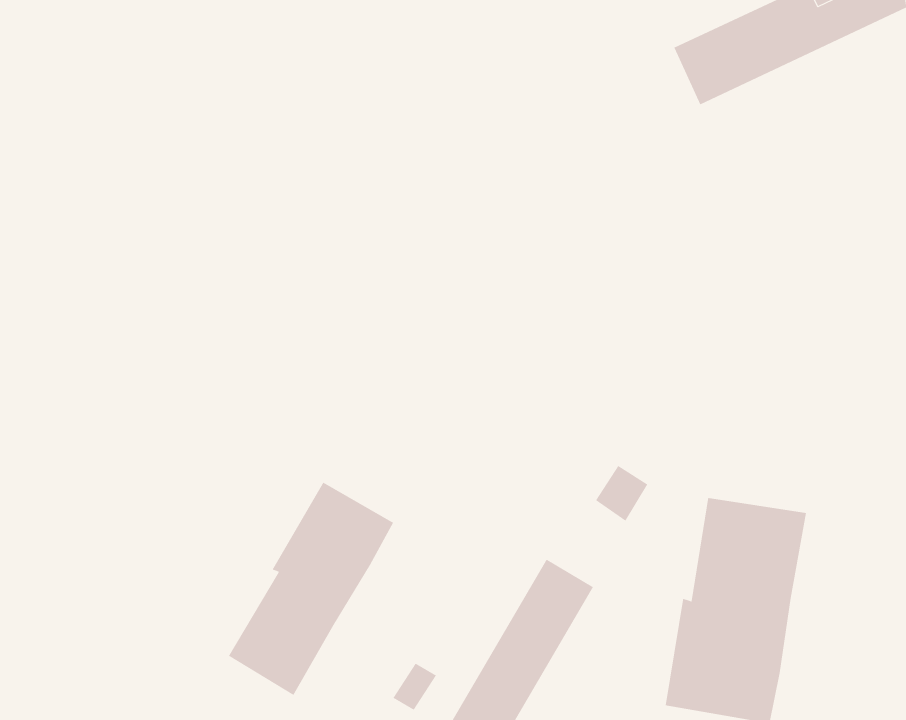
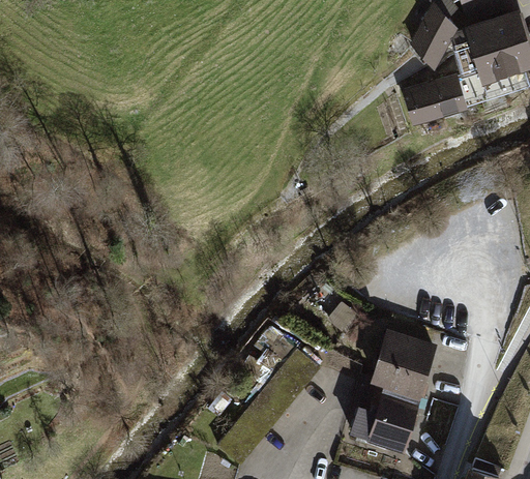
building: [228,482,394,696] -> none

